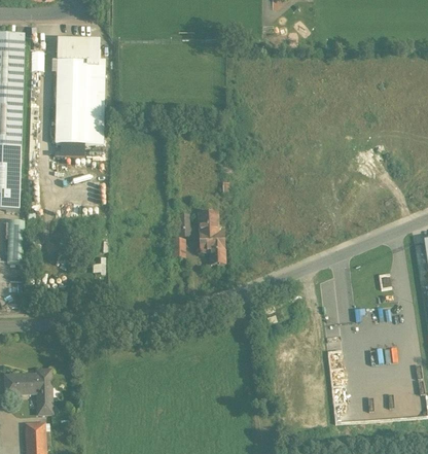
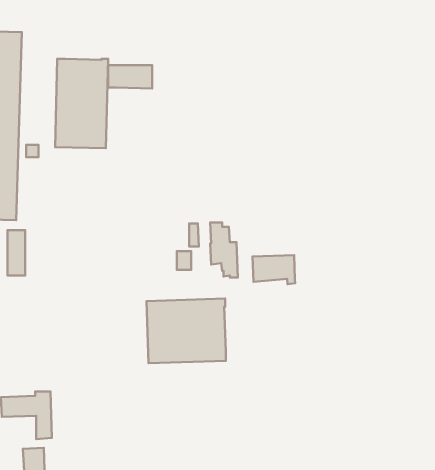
building: [58,37,99,59] -> [108,65,152,89]
building: none -> [252,255,295,284]
building: none -> [147,299,226,363]

